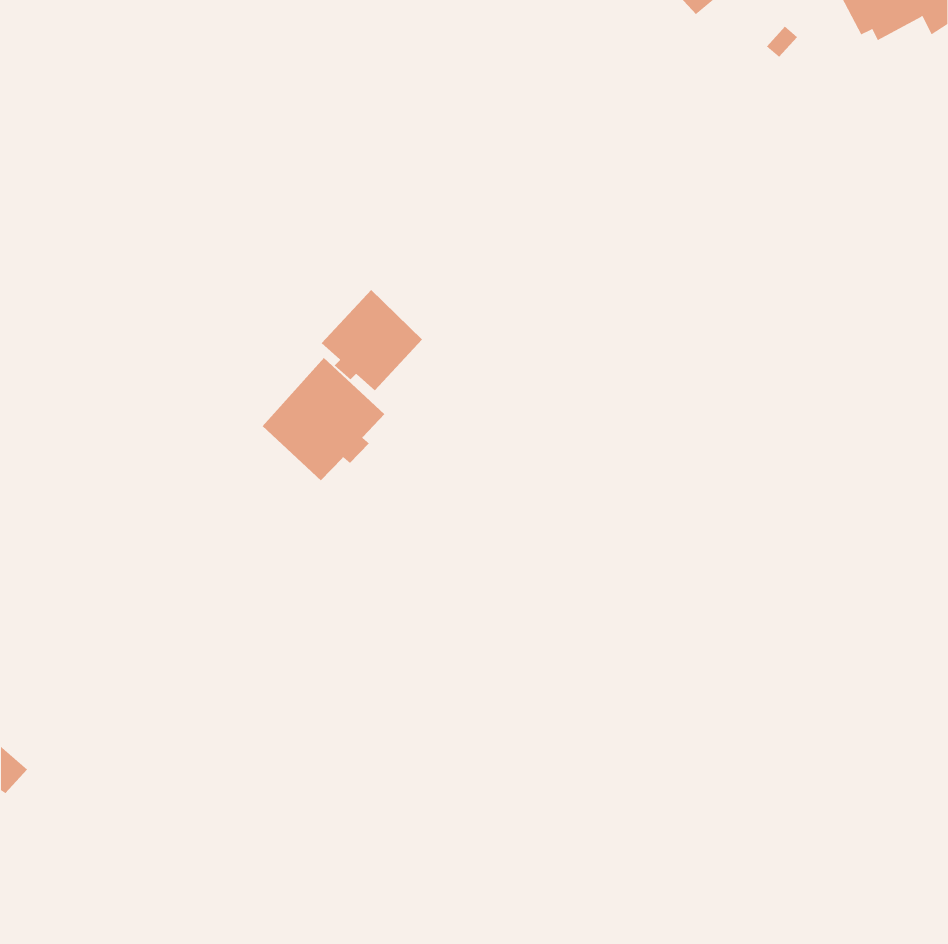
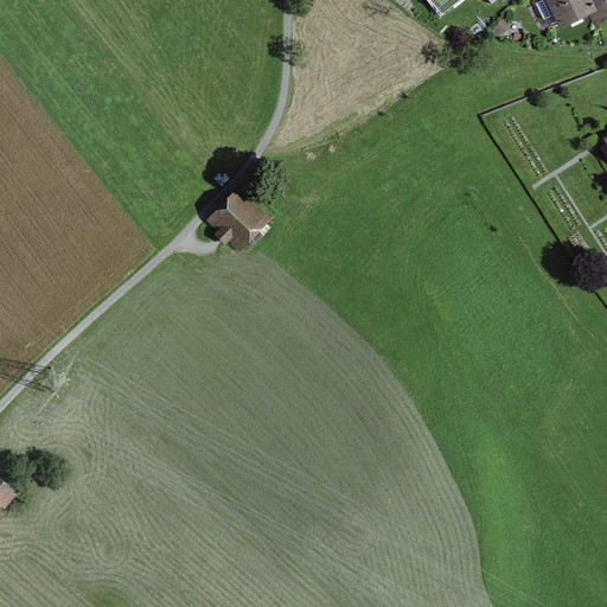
building: [262,357,385,481] -> none

